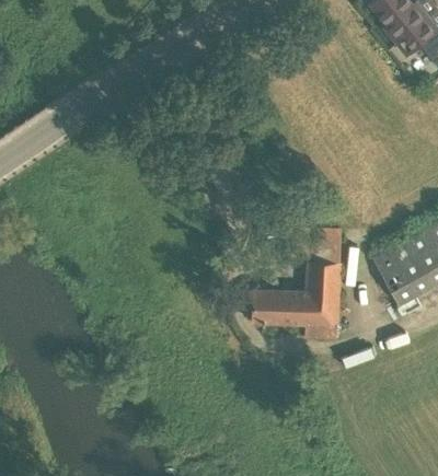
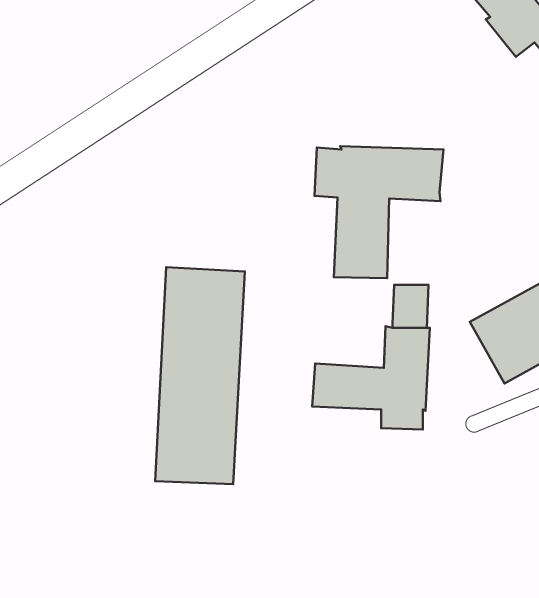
building: none -> [314,146,443,278]
building: none -> [155,267,245,484]

